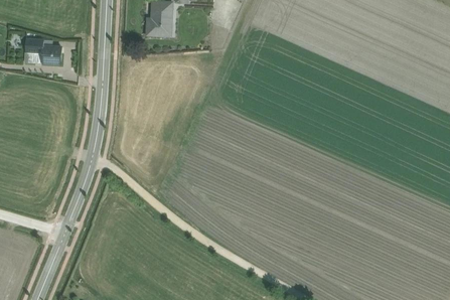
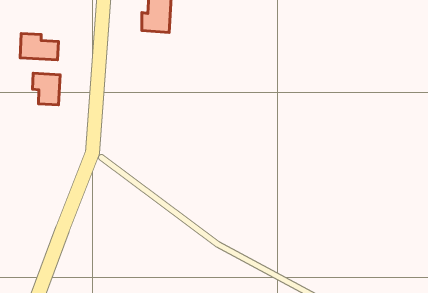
building: none -> [32,73,60,105]

